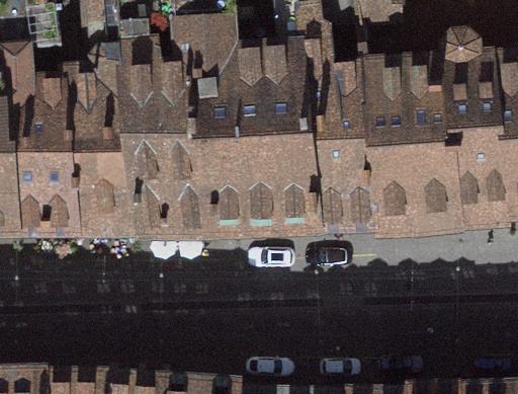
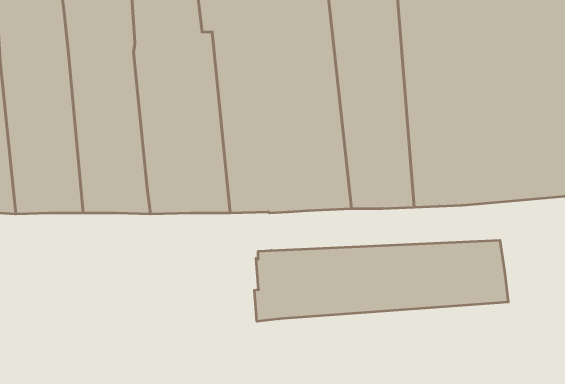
building: none -> [254,240,508,321]

